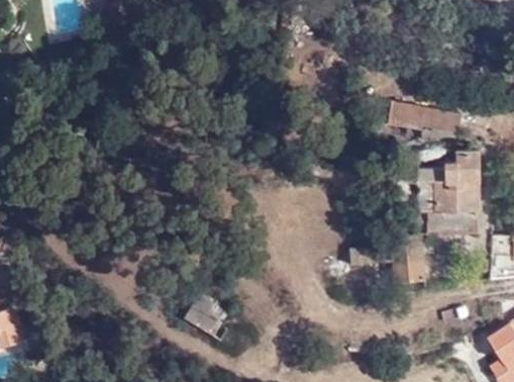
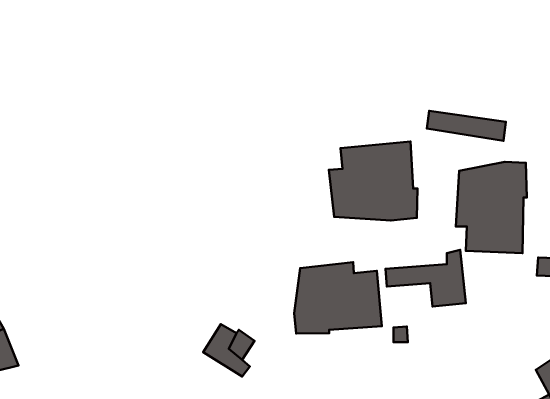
building: none -> [329,142,417,220]
building: none -> [294,262,382,334]

